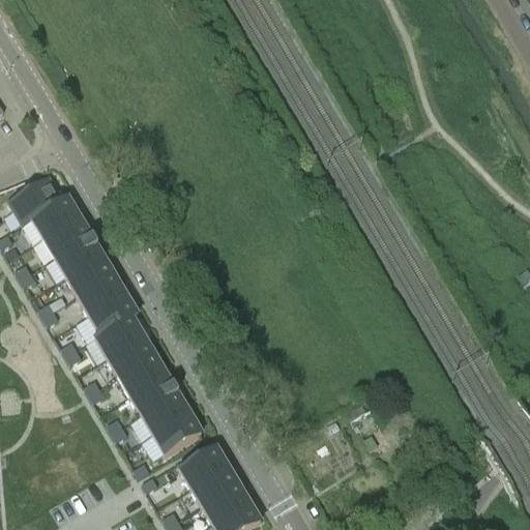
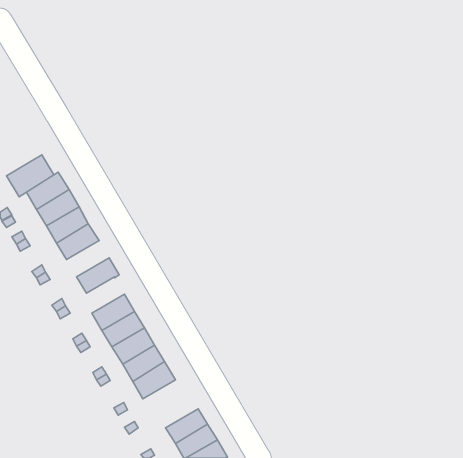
building: [78,273,126,315] -> none
building: [95,315,144,356] -> none
building: [179,445,228,487] -> none

